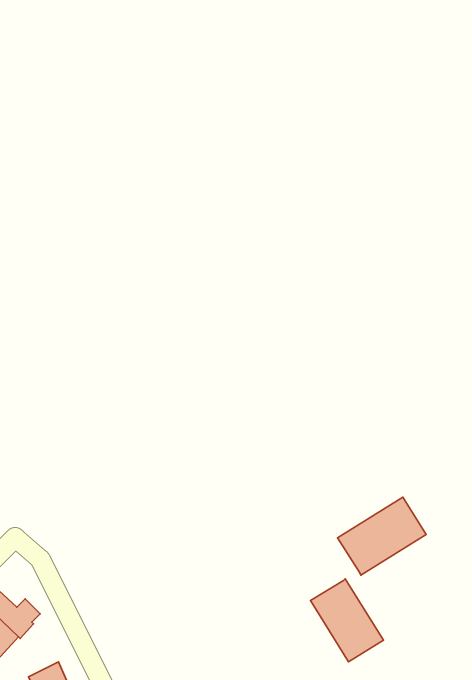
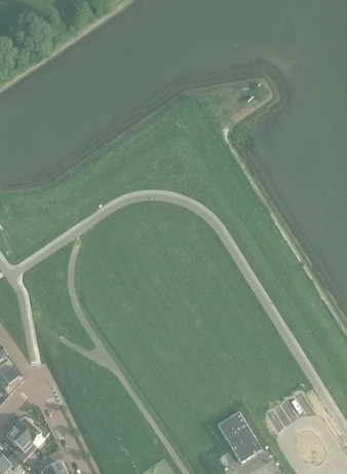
building: [337,497,426,575] -> none

